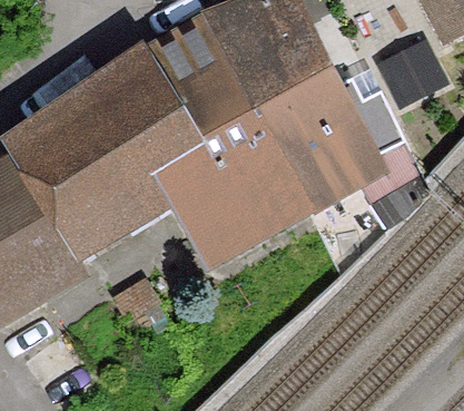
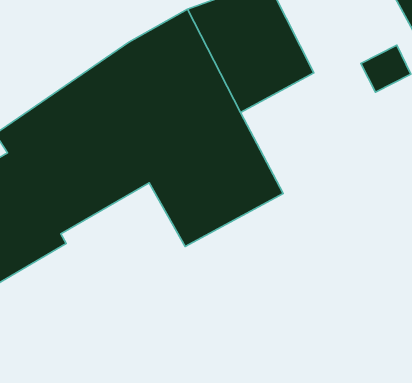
building: [264,84,430,228] -> none

